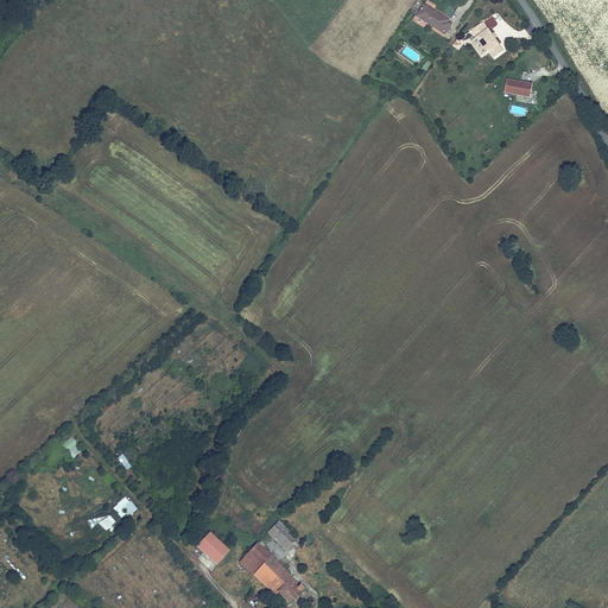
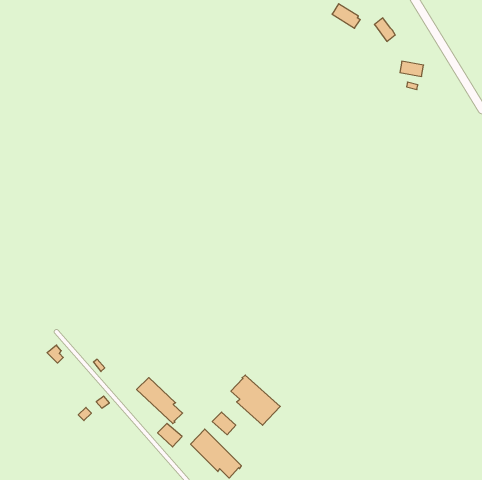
building: none -> [231,375,280,425]
building: none -> [137,378,183,424]

